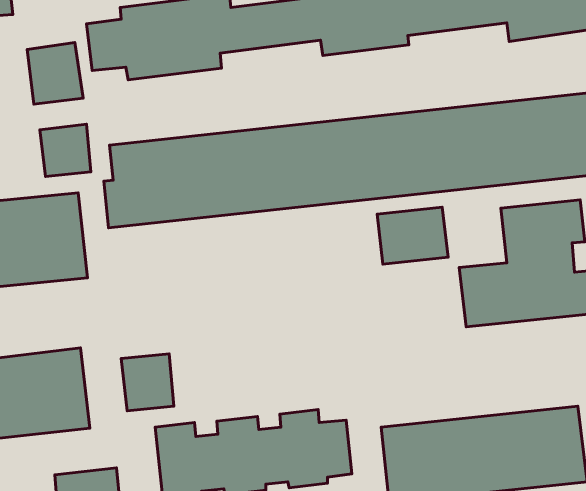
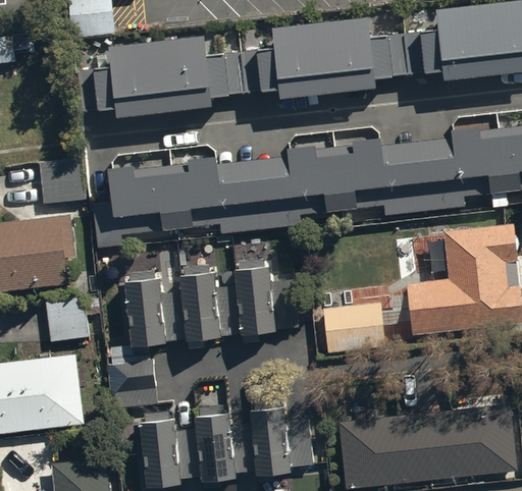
building: [27,42,83,104] -> none
building: [377,207,448,264] -> [322,302,384,351]
building: none -> [124,265,298,345]
building: none -> [45,295,89,340]

